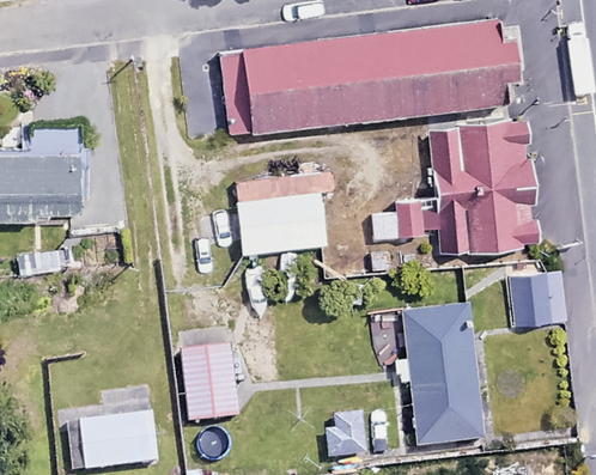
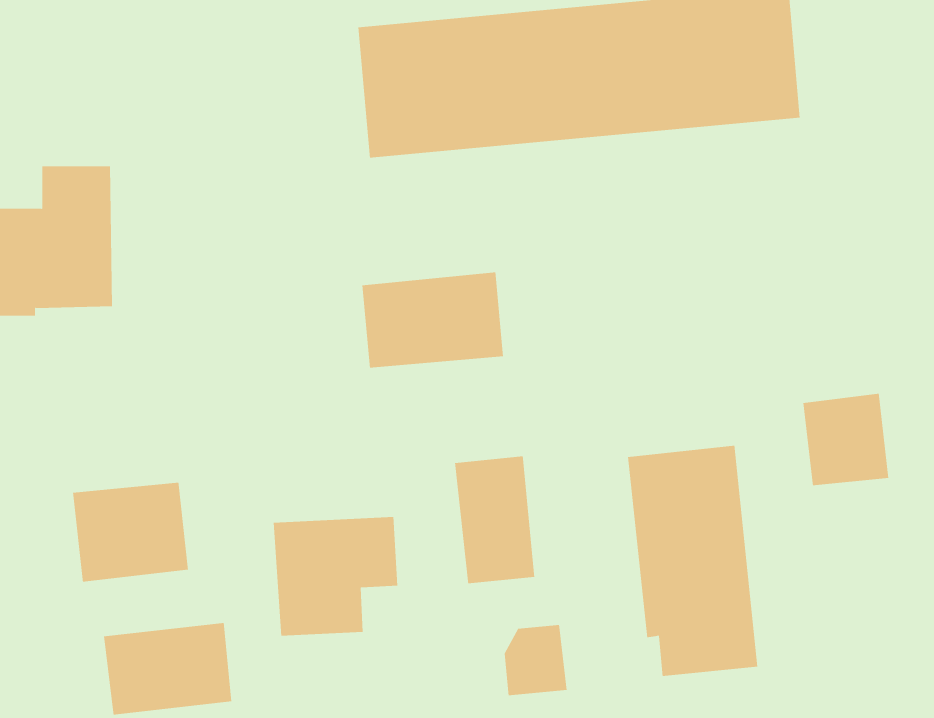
building: [409,118,531,243] -> none
building: none -> [455,455,535,584]
building: none -> [73,482,189,583]

